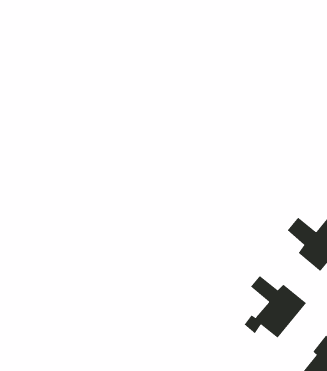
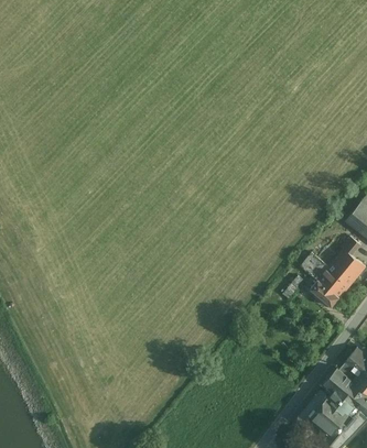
building: [244,275,307,339] -> none

